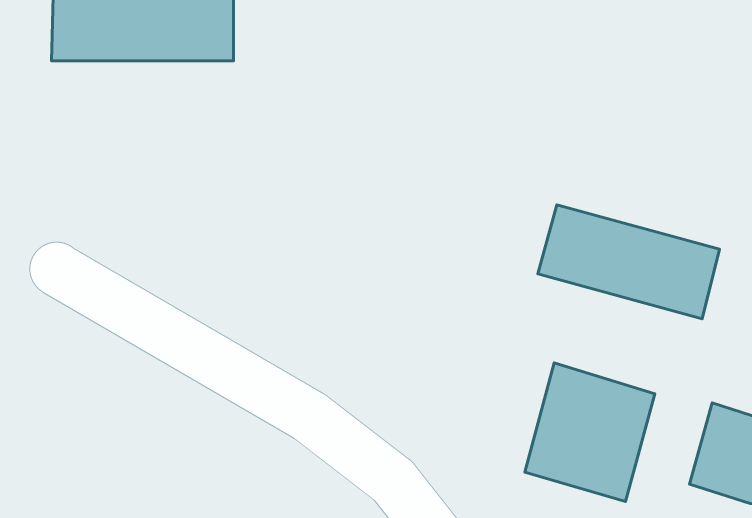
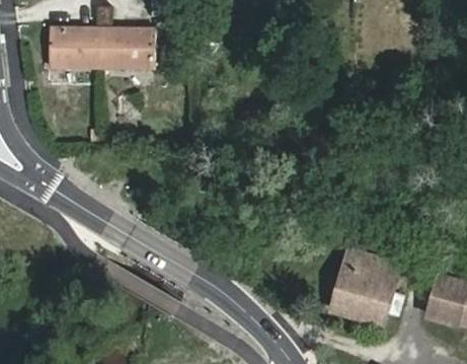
building: [538,205,719,319] -> none

